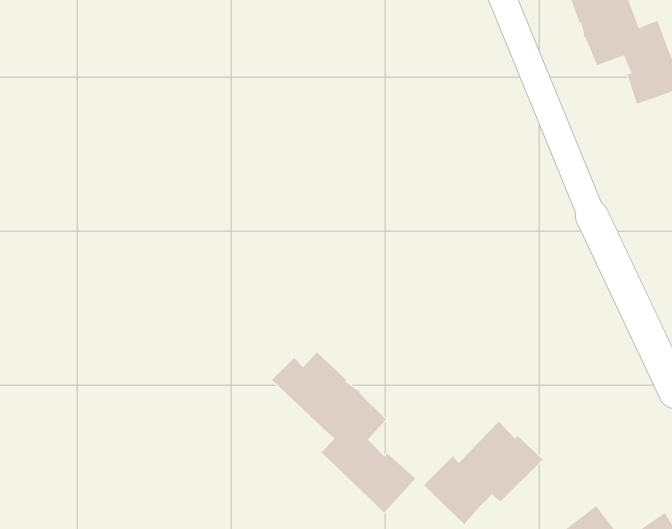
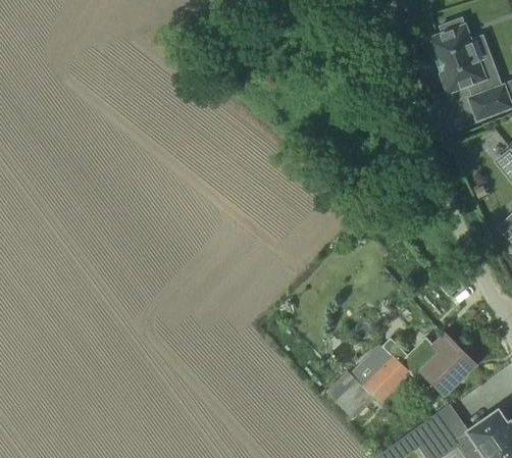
building: [271,352,416,514] -> none
building: none -> [420,333,476,396]

